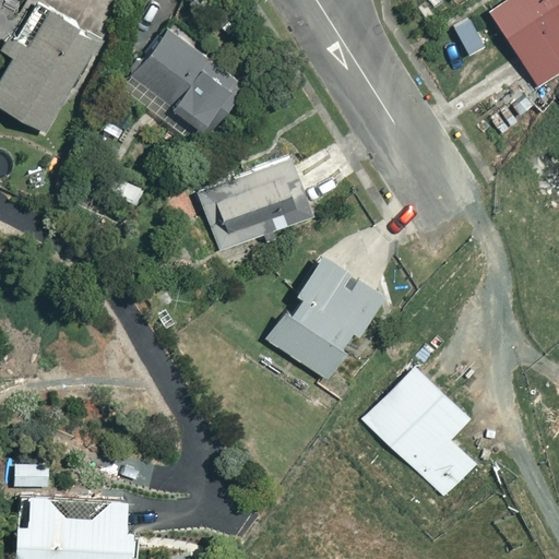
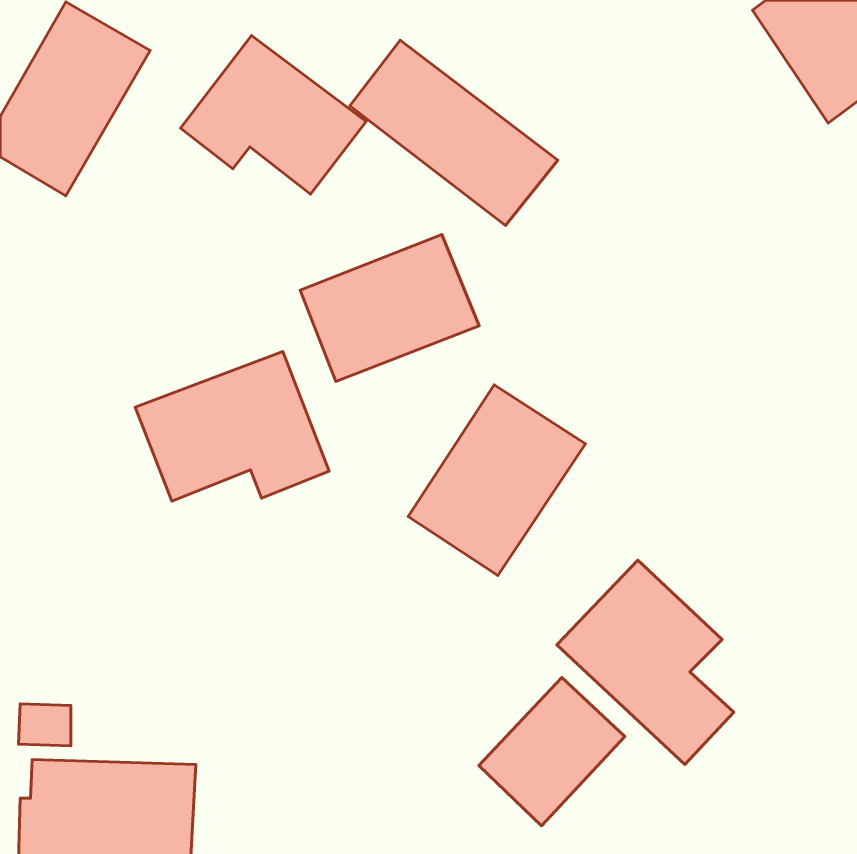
building: none -> [350,40,558,225]
building: none -> [135,351,329,501]
building: none -> [479,678,625,826]

